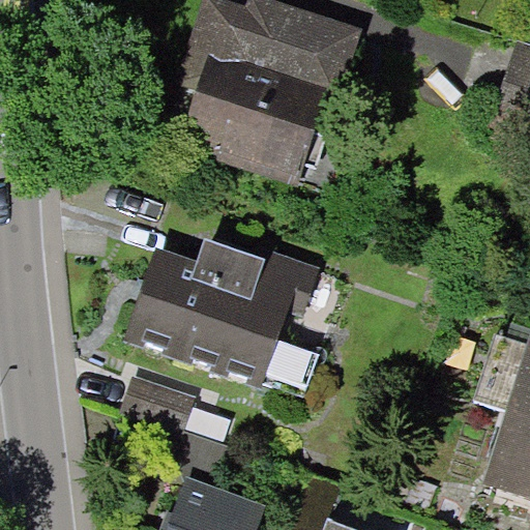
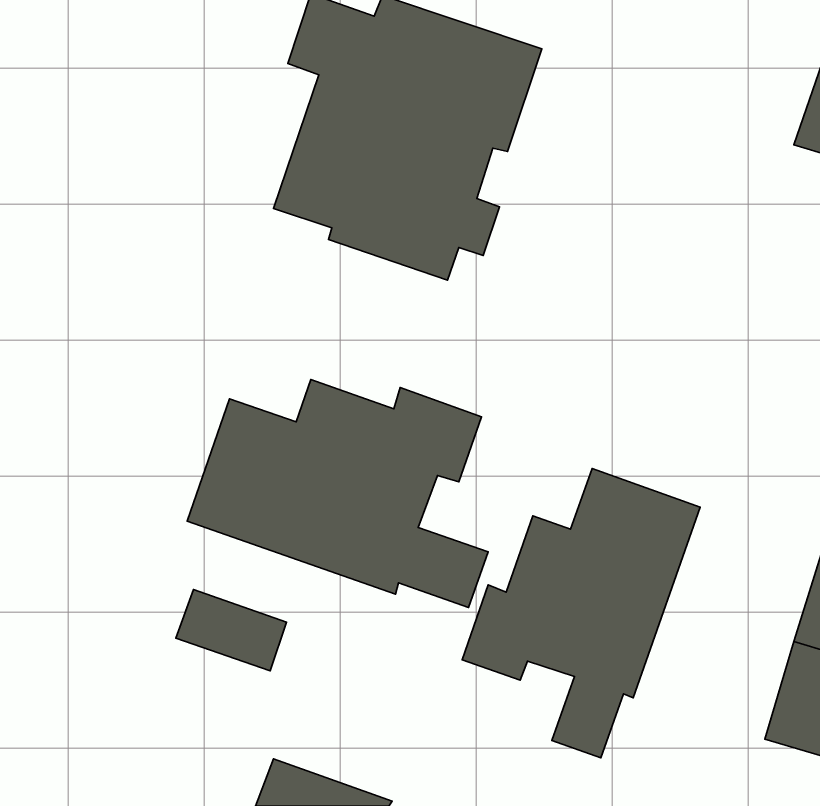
building: none -> [462,469,700,758]

